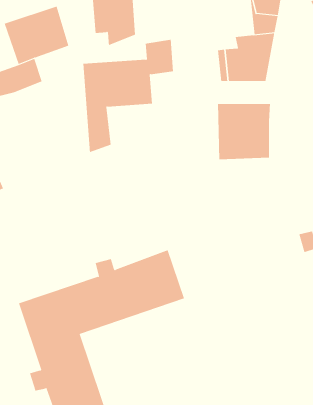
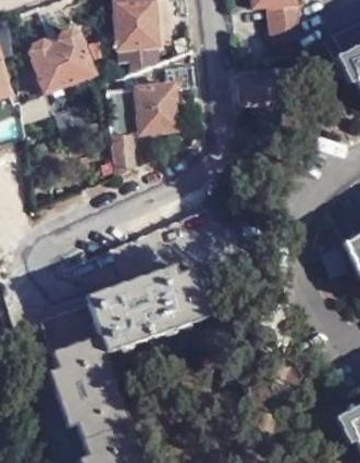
building: [218,103,271,160] -> none

